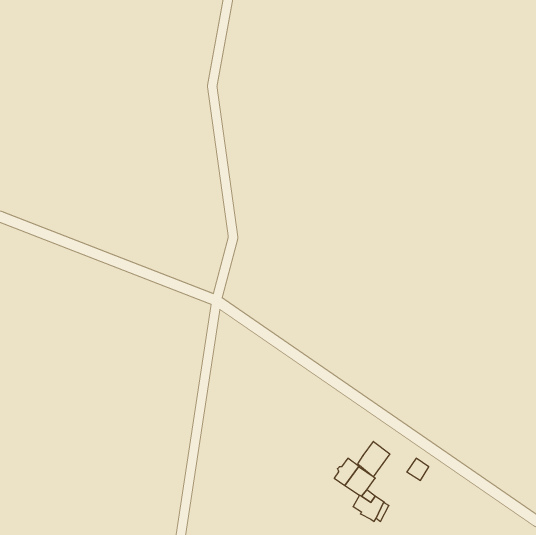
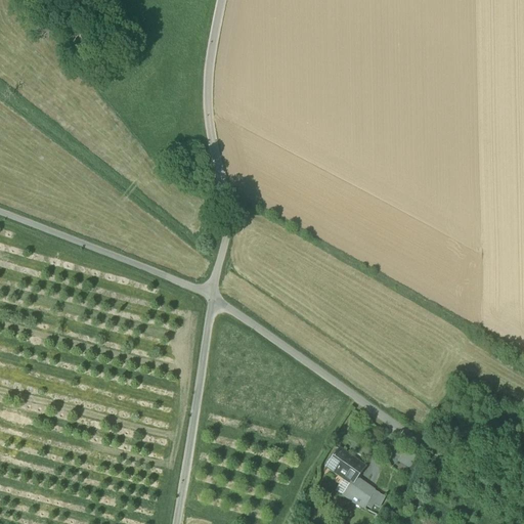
building: [358,441,390,477] -> none

